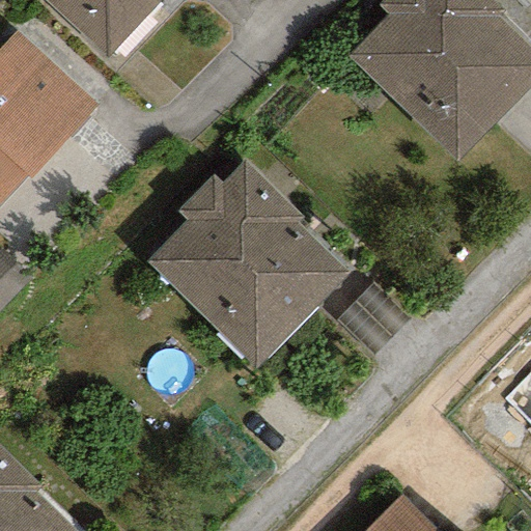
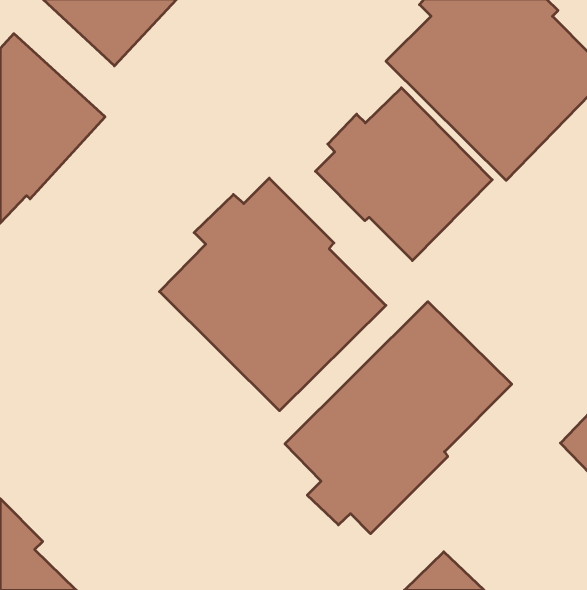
building: none -> [315,88,492,261]
building: none -> [285,302,512,534]

